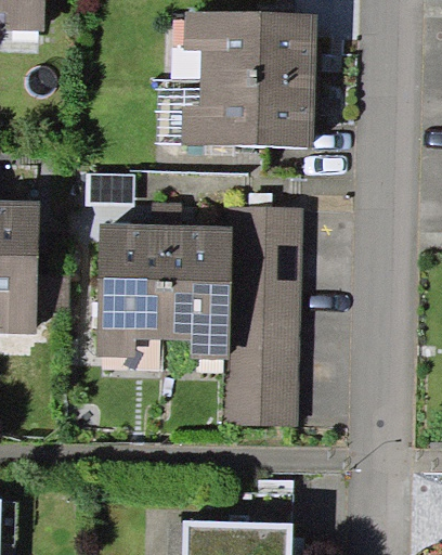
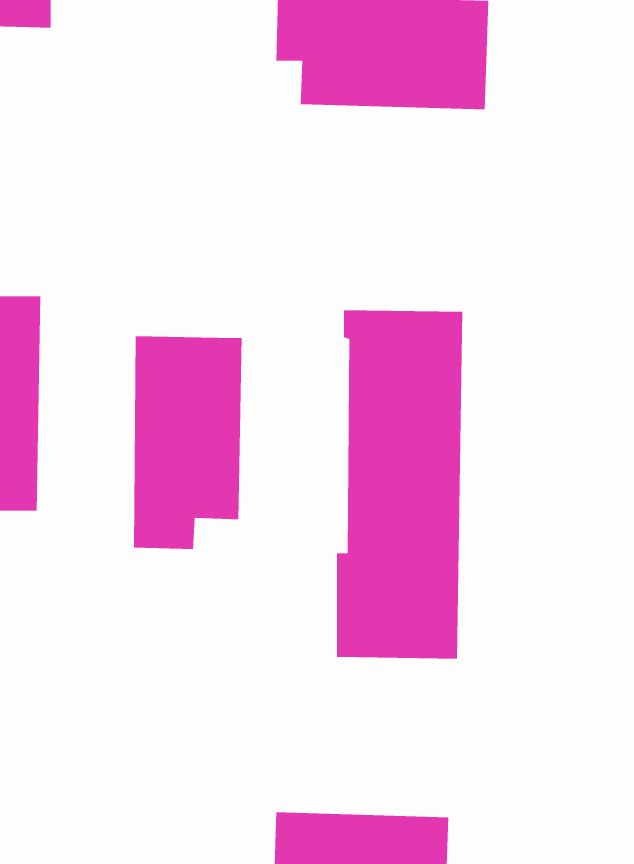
building: [181,79,315,145] -> none
building: [161,224,230,359] -> none

